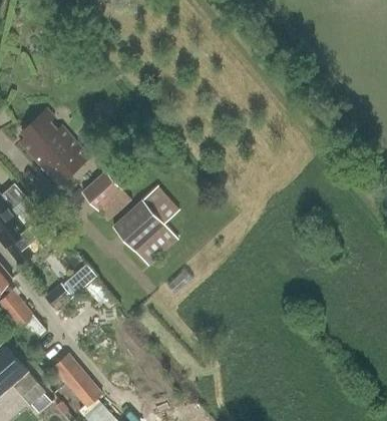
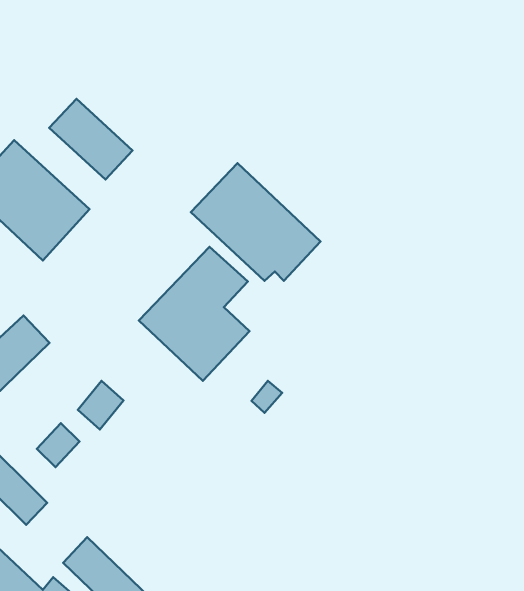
building: none -> [49,99,133,179]
building: none -> [191,163,320,281]
building: [81,169,131,221] -> none

